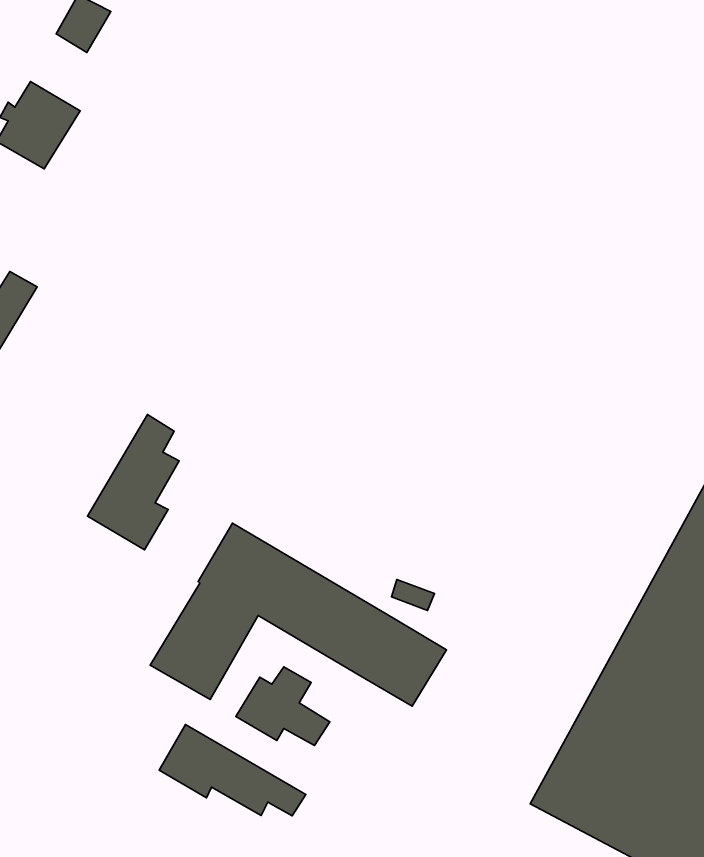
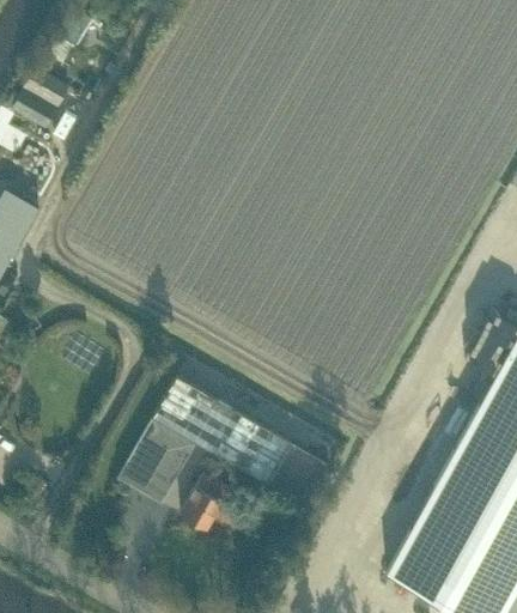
building: [88,415,179,550] -> none
building: [159,724,306,816] -> none

